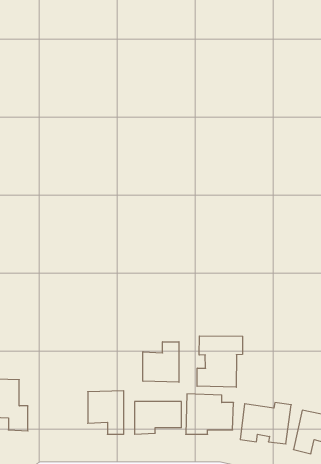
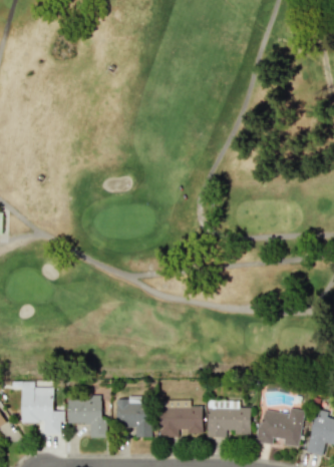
building: [197,336,243,387] -> none
building: [143,342,179,382] -> none
building: none -> [67,399,106,438]

